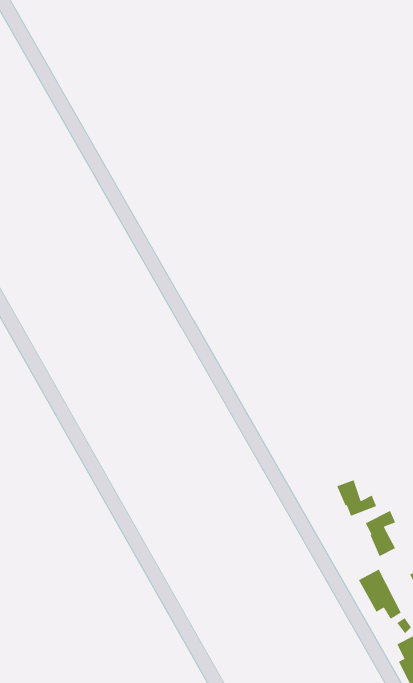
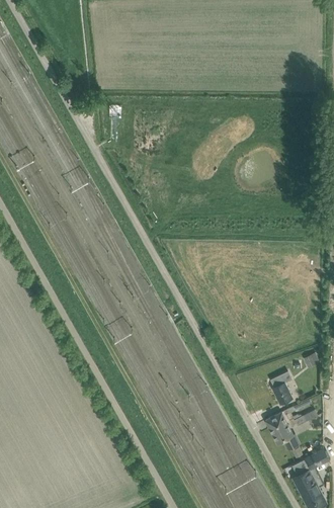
building: [336,479,377,517] -> none

